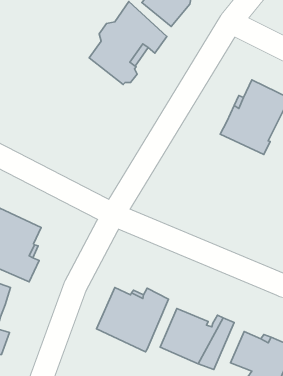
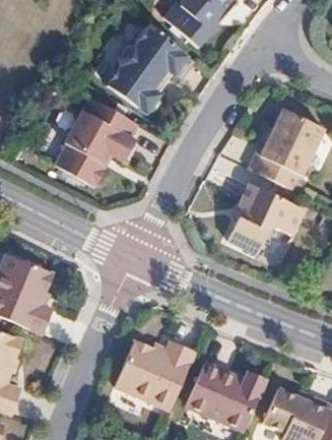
building: none -> [53,98,135,185]
building: none -> [230,185,307,256]

